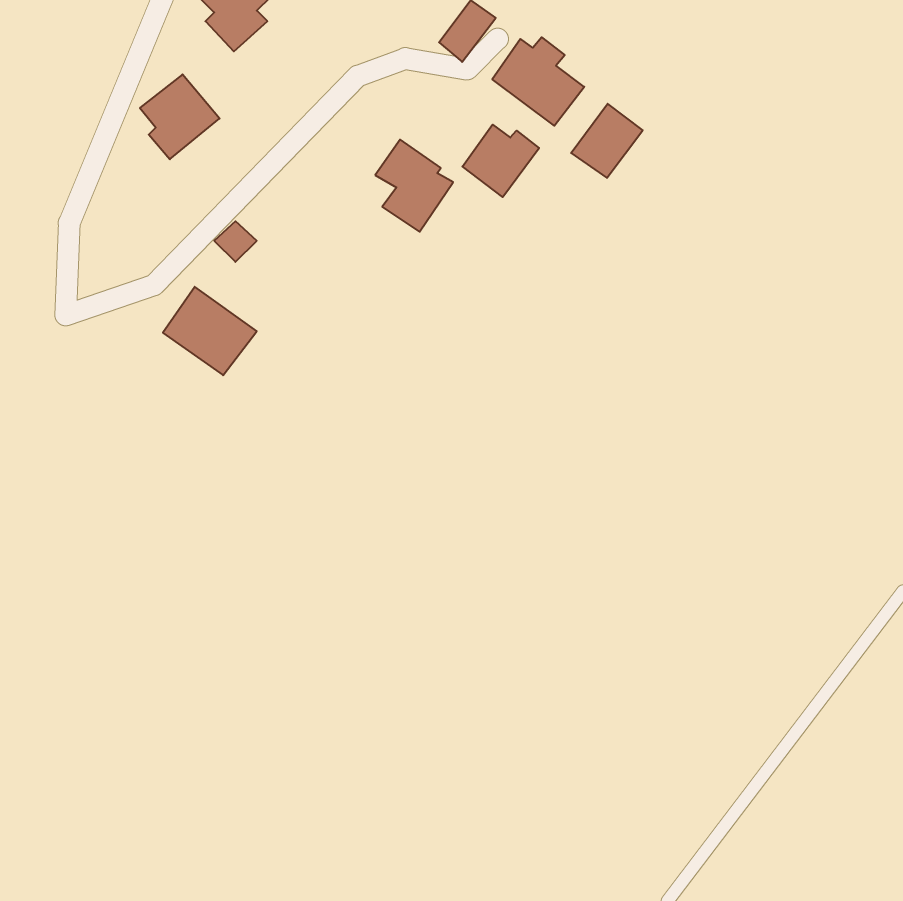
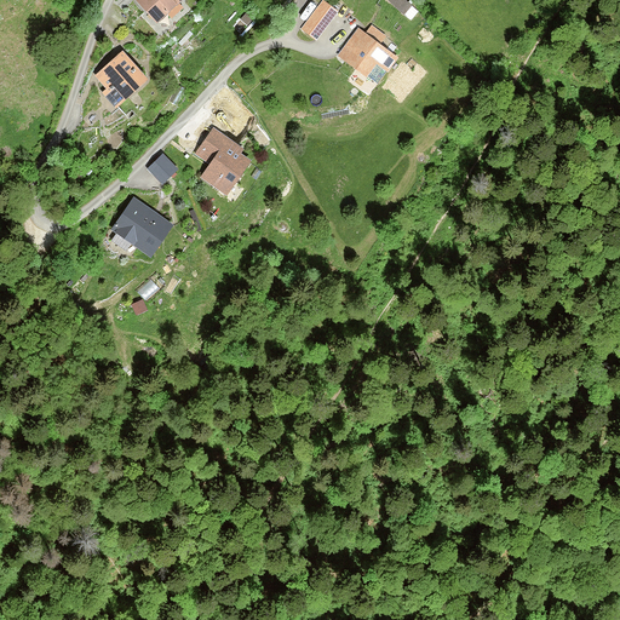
building: [571,104,643,178] -> none
building: [462,125,539,197] -> none
building: [375,140,453,232] -> [195,126,248,189]

